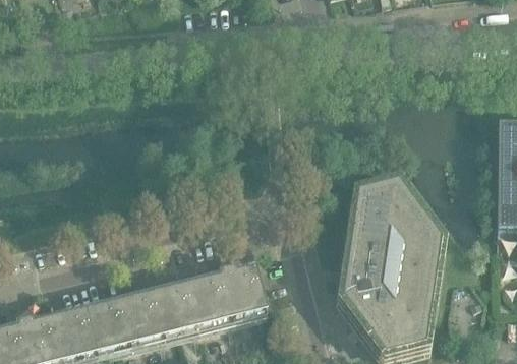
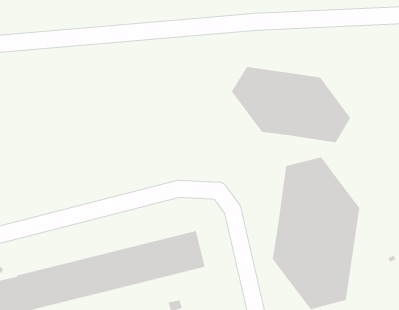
building: none -> [231,66,351,143]

